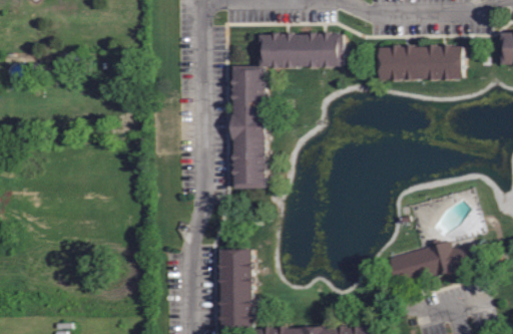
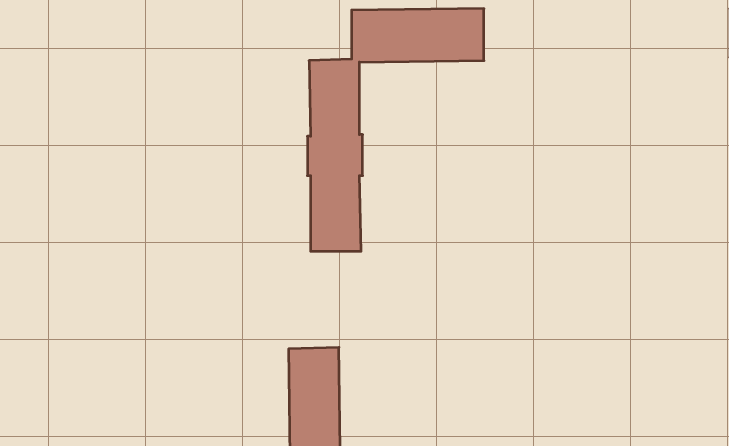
building: [379,45,463,78] -> none
building: [388,242,478,287] -> none

